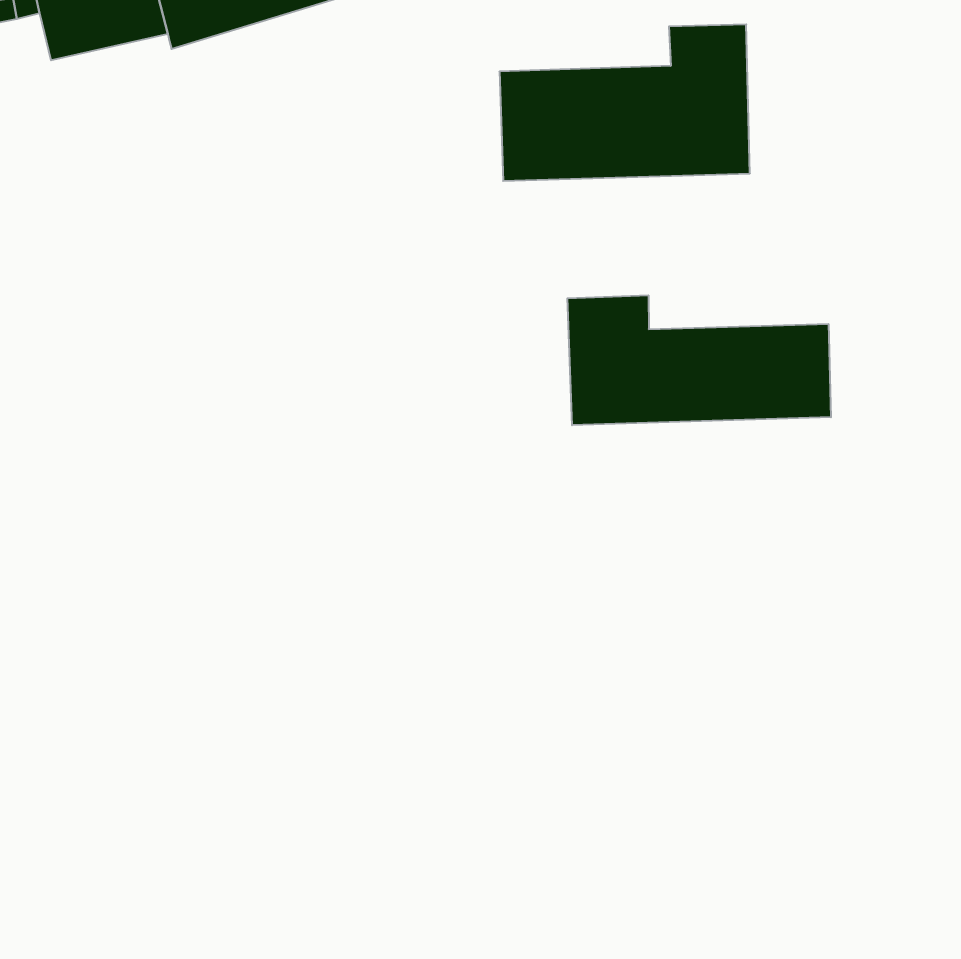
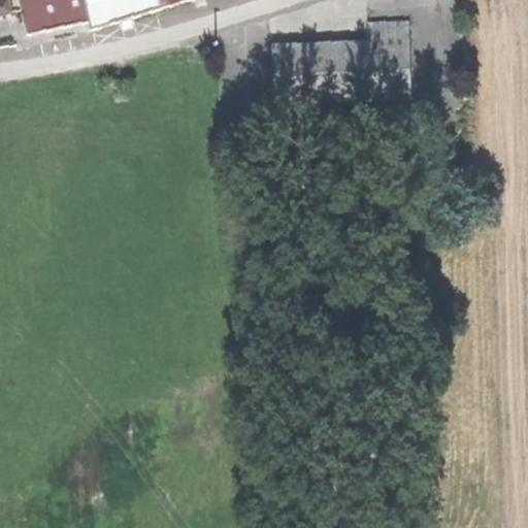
building: [567,295,831,425] -> none

